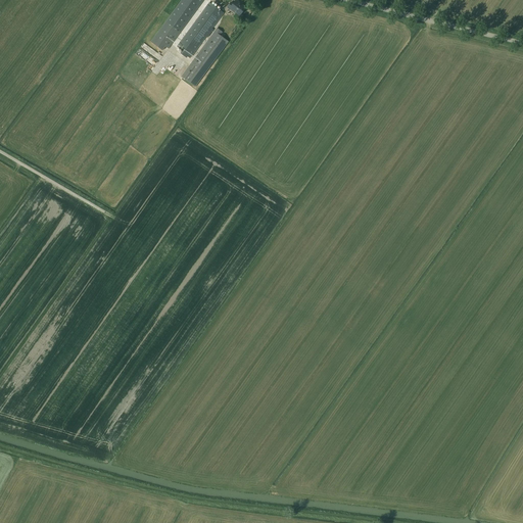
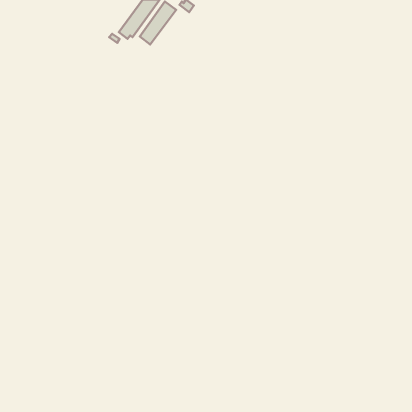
building: [181,28,228,86] -> none

